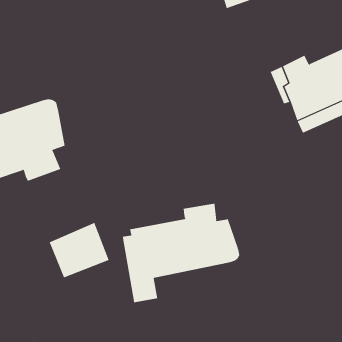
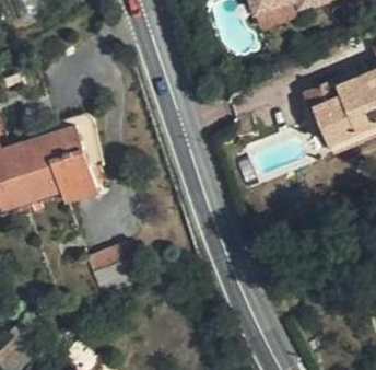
building: [122,203,240,303] -> none

